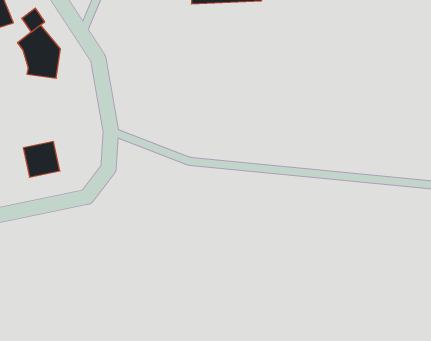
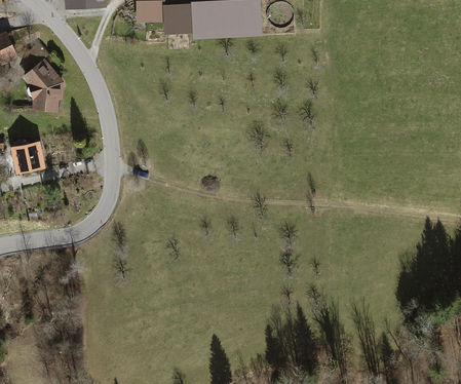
building: [23,142,60,177] -> [9,140,45,175]

